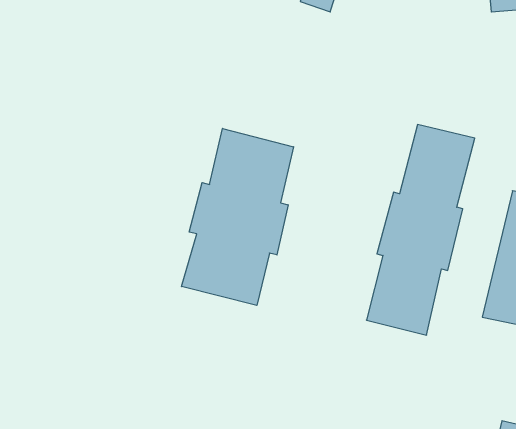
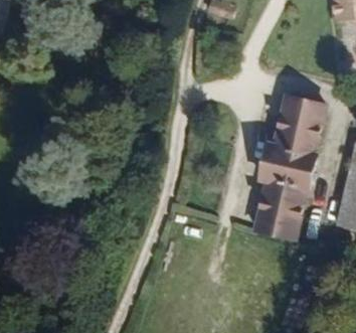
building: [182,128,294,305] -> none

